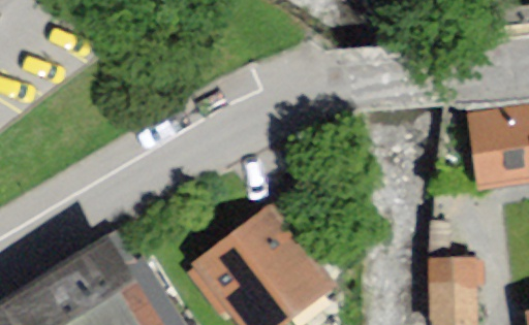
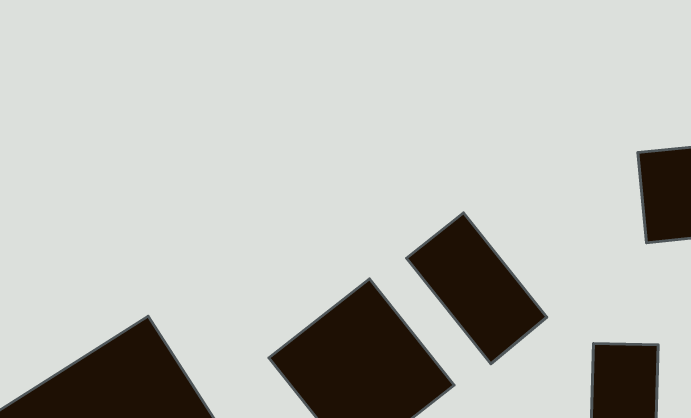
building: none -> [406,213,547,364]

